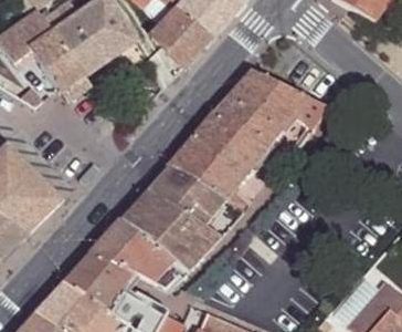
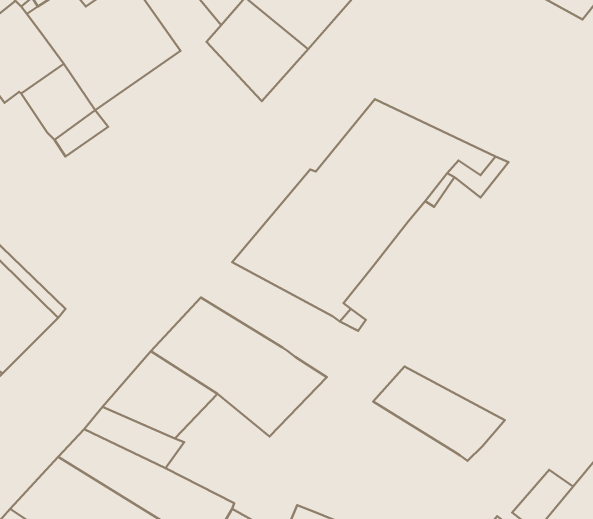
building: [148,166,226,222] -> [373,366,505,461]
building: [133,245,189,289] -> none

